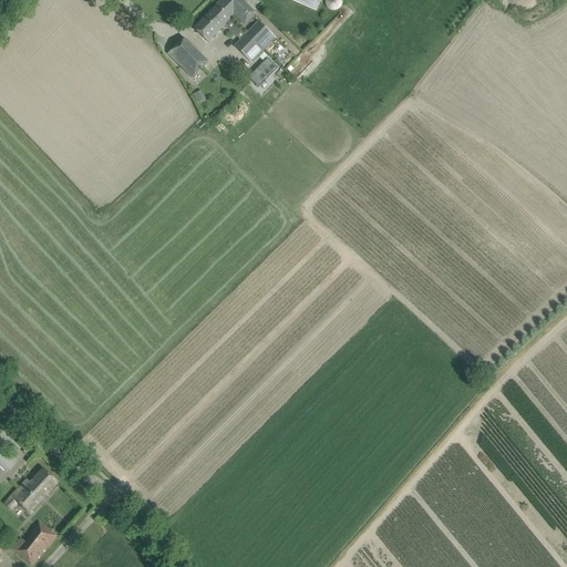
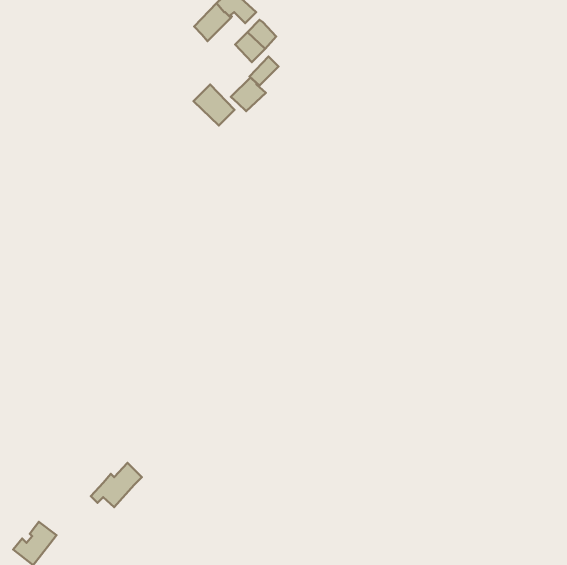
building: [167,35,208,76] -> [193,84,234,126]
building: none -> [231,77,266,111]
building: [7,466,58,511] -> [91,463,142,507]

